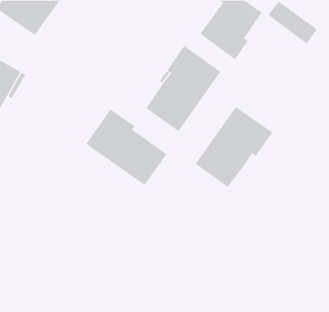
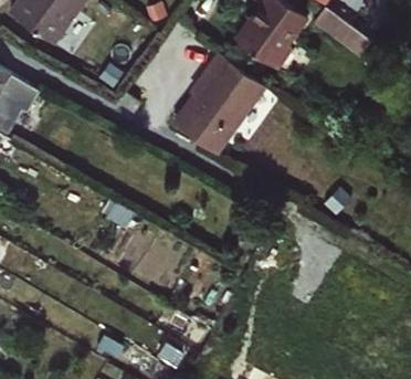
building: [195,106,273,188] -> none
building: [86,108,167,186] -> none

